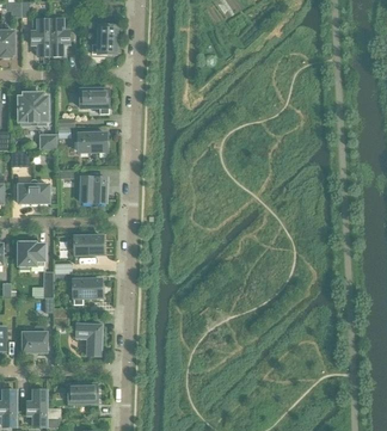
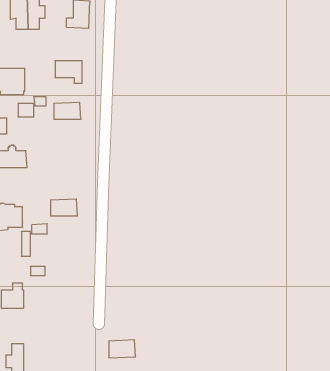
building: [81,176,108,202] -> none
building: [73,278,102,303] -> none
building: [76,324,102,355] -> none
building: [69,383,98,402] -> [109,340,136,358]

